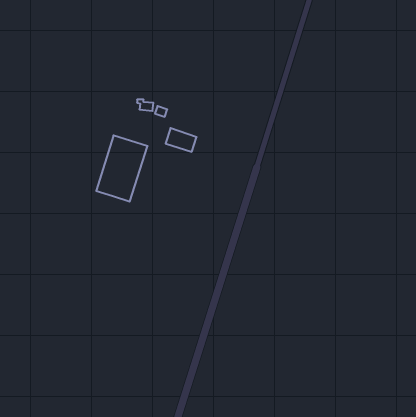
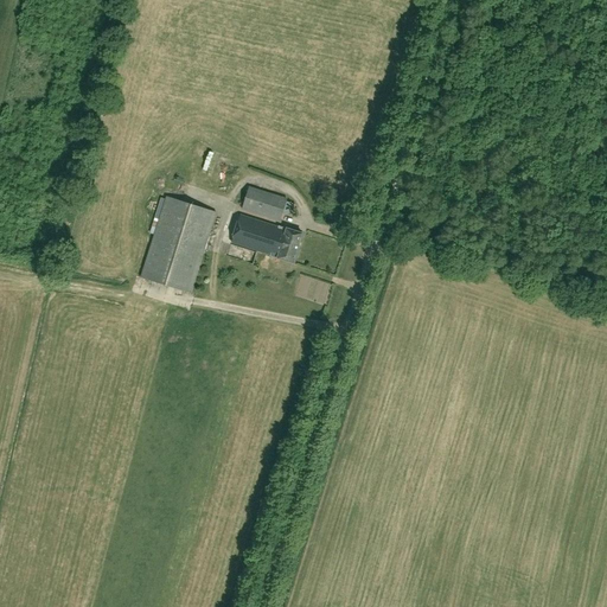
building: none -> [230,216,301,262]

